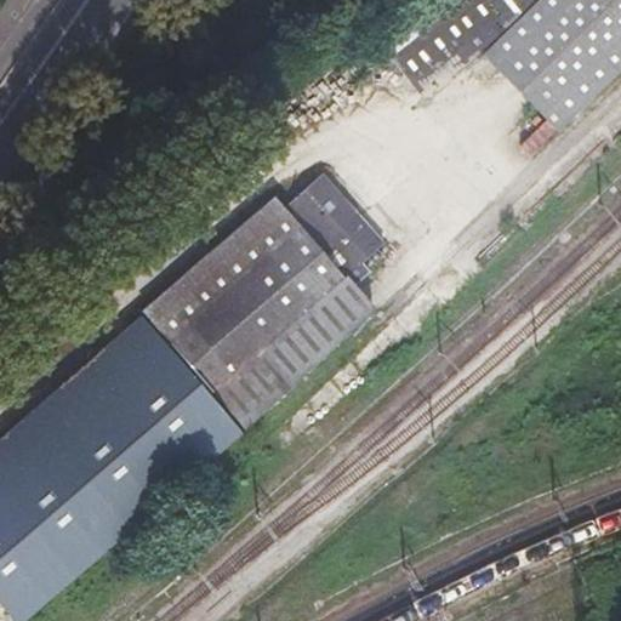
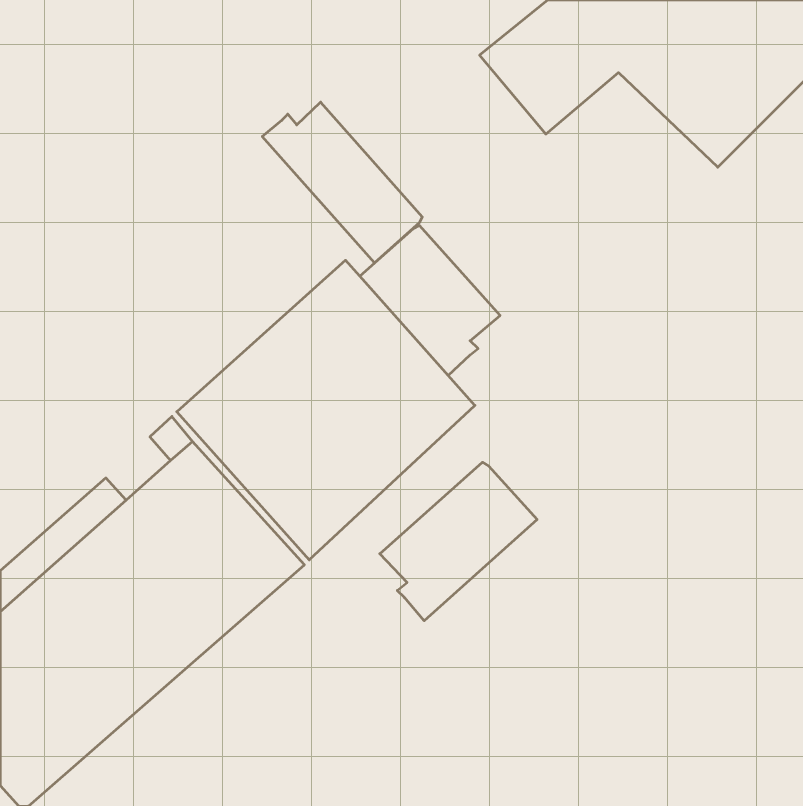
building: none -> [262,102,422,263]
building: none -> [380,462,537,621]

